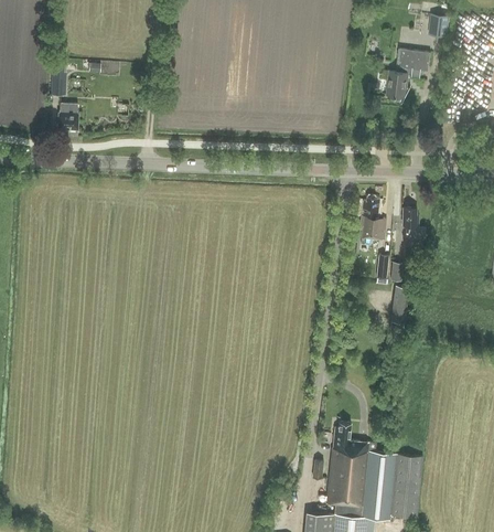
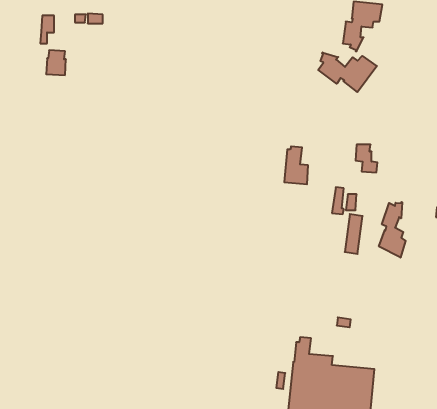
building: none -> [318,52,377,92]
building: [358,198,385,240] -> [284,146,308,184]
building: none -> [379,202,406,258]

